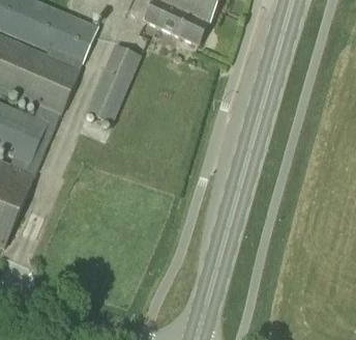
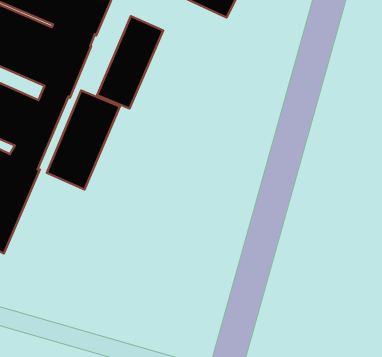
building: none -> [47,91,120,189]

